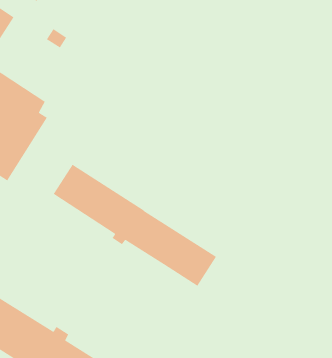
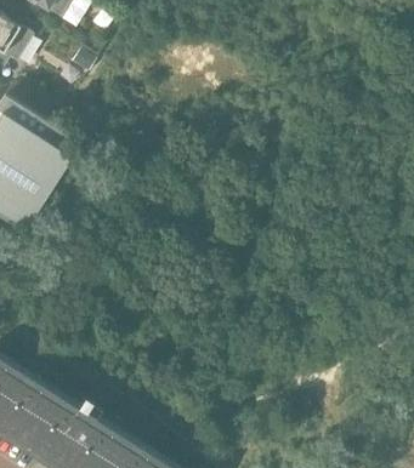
building: [50,159,220,291] -> none

